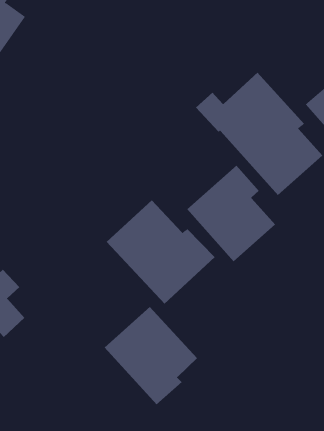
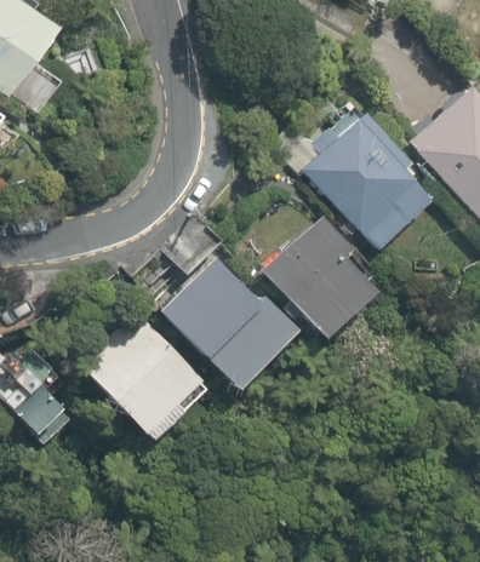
building: [104,306,198,405] -> [82,314,201,438]

